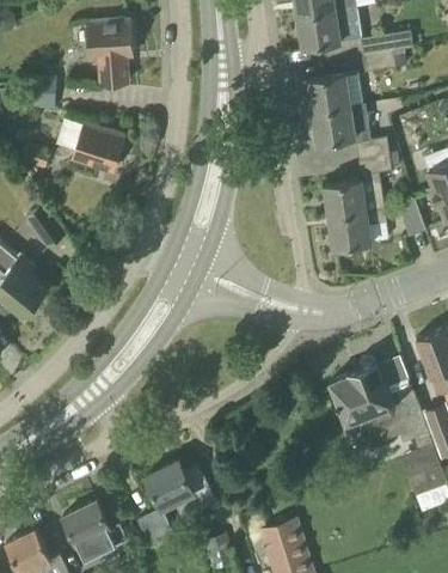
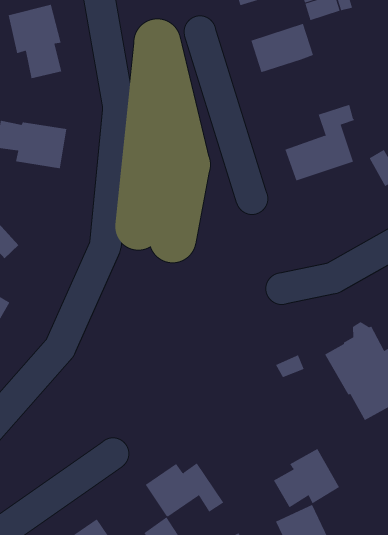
building: [312,105,389,160] -> none
building: [329,209,387,250] -> none
building: none -> [273,448,340,508]

